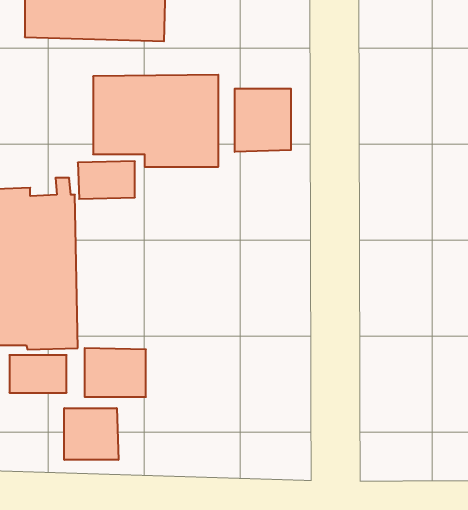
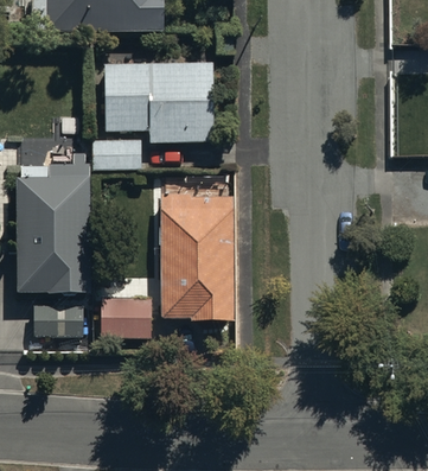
building: [235,89,291,152] -> none
building: none -> [160,196,232,323]
building: [64,408,118,460] -> none

